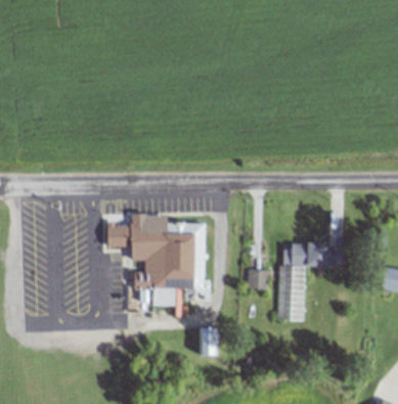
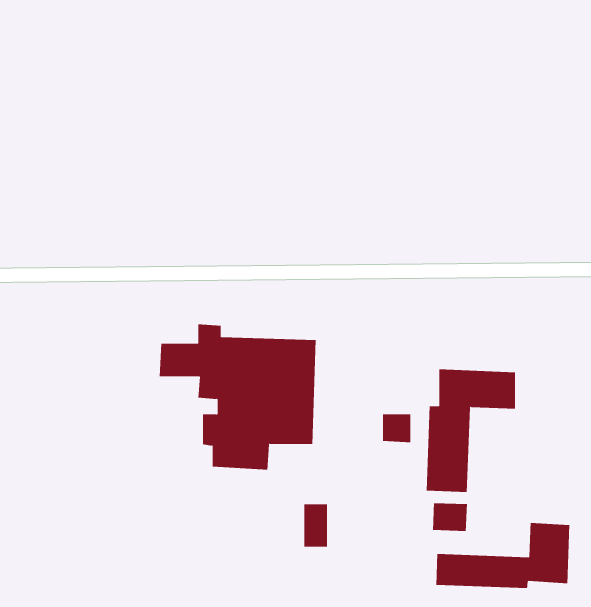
building: none -> [432,502,467,532]
building: none -> [436,522,570,589]

